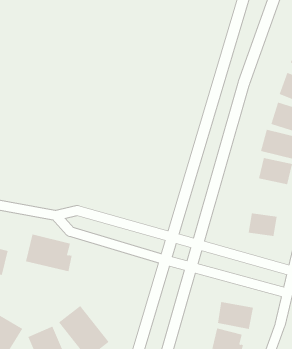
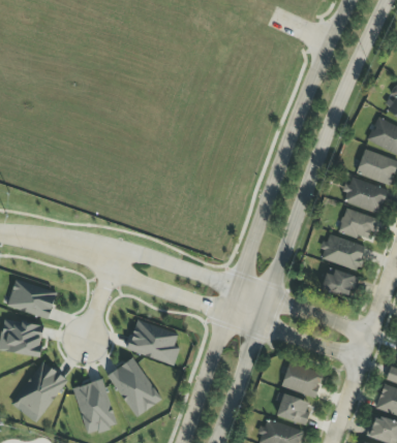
building: none -> [322,234,369,271]
building: [25,234,73,272] -> [127,320,180,365]

